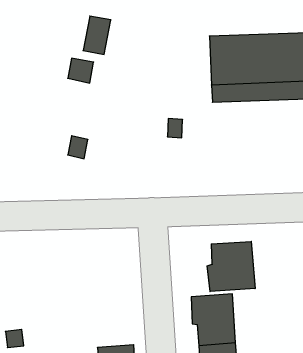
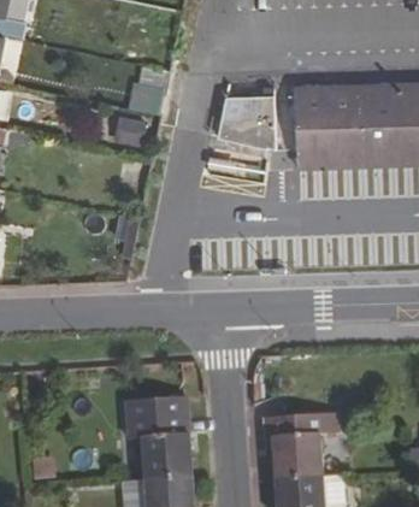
building: none -> [217,89,275,148]
building: [207,241,255,292] -> none
building: none -> [129,394,196,479]

